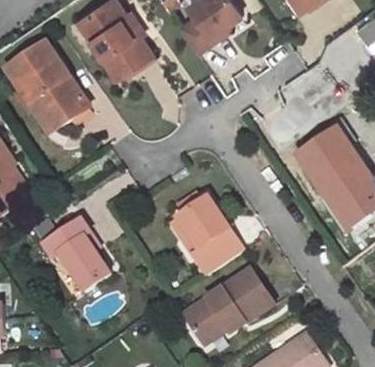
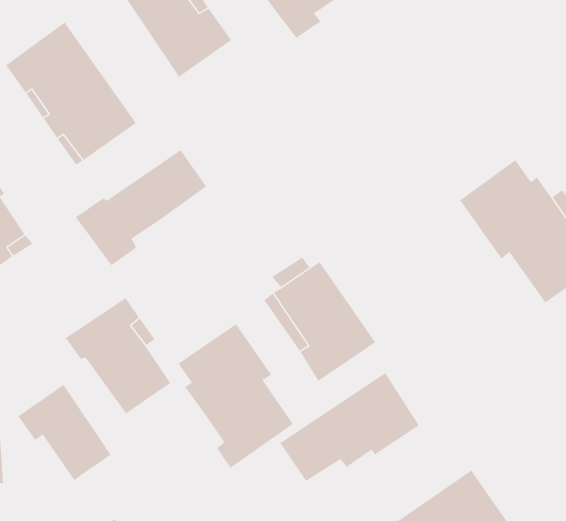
building: none -> [75,149,207,266]
building: none -> [178,323,294,469]
building: none -> [17,384,112,481]

